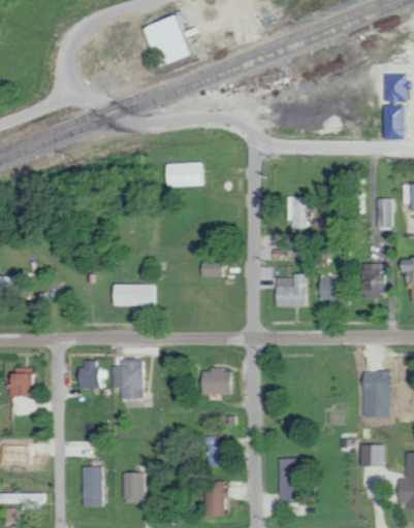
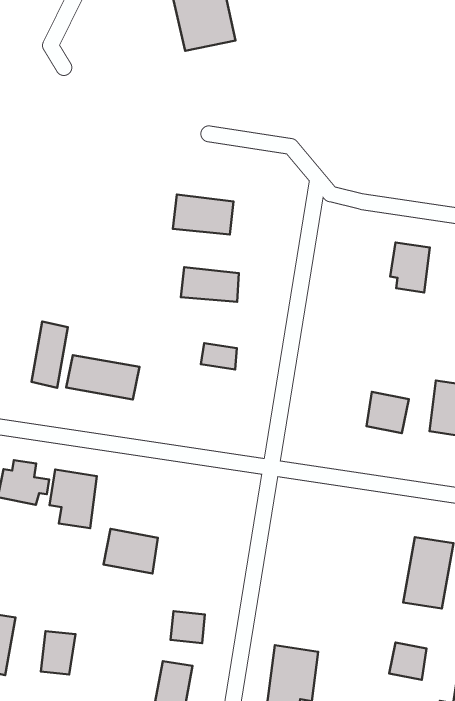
building: [287,197,312,228] -> [390,242,430,293]
building: none -> [181,267,239,302]
building: none -> [31,321,68,388]
building: [276,274,308,306] -> none
building: [200,369,234,395] -> [104,529,158,573]

